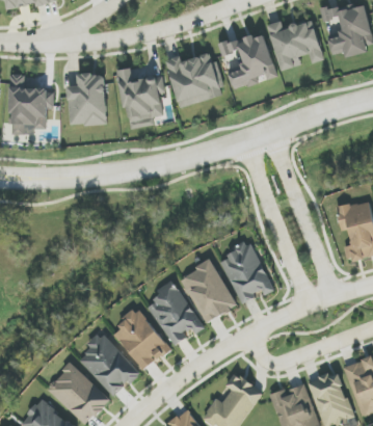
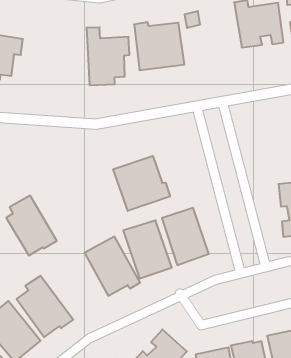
building: [227,31,277,88] -> none
building: [68,72,107,125] -> none
building: none -> [113,156,170,211]
building: [114,307,169,369] -> [6,196,57,256]

